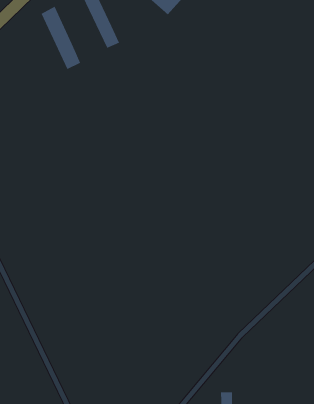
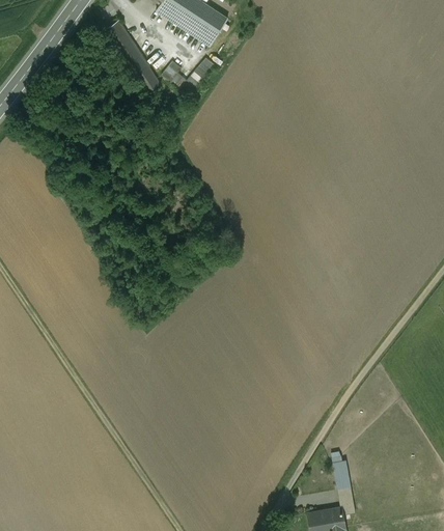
building: [41,6,81,70] -> none

